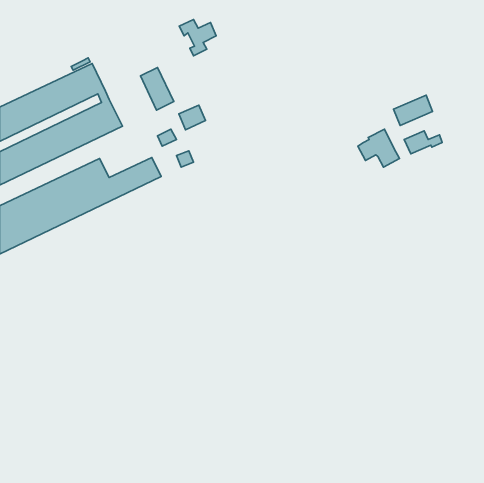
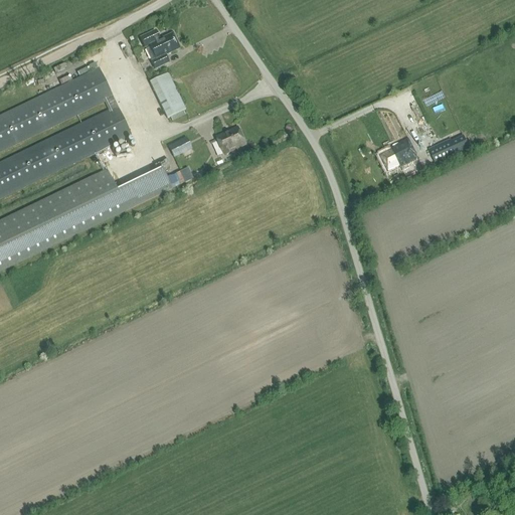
building: [179,20,216,56] -> [139,29,178,67]
building: [394,95,433,126] -> none
building: [179,105,205,130] -> [216,127,244,153]

